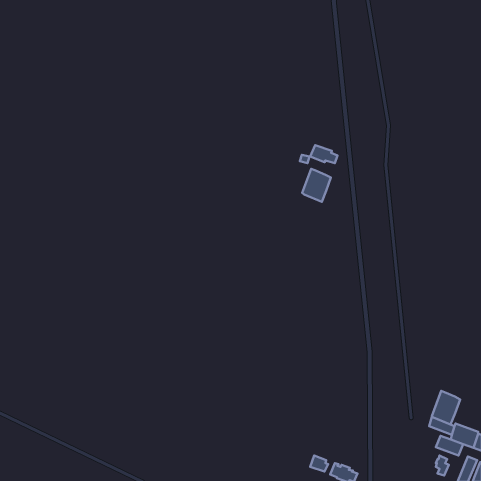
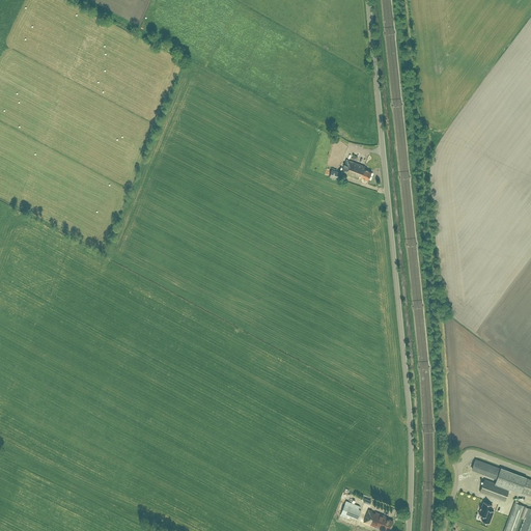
building: [302,169,331,202] -> none
building: [432,391,460,425] -> none

